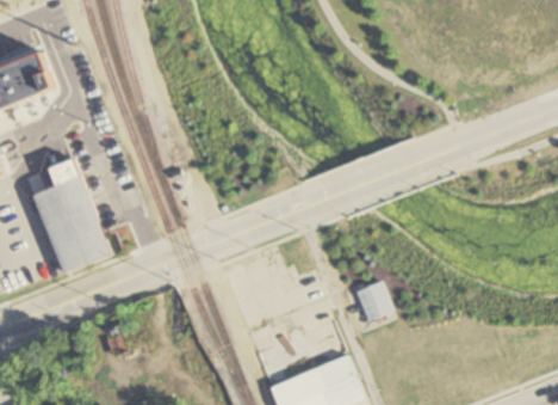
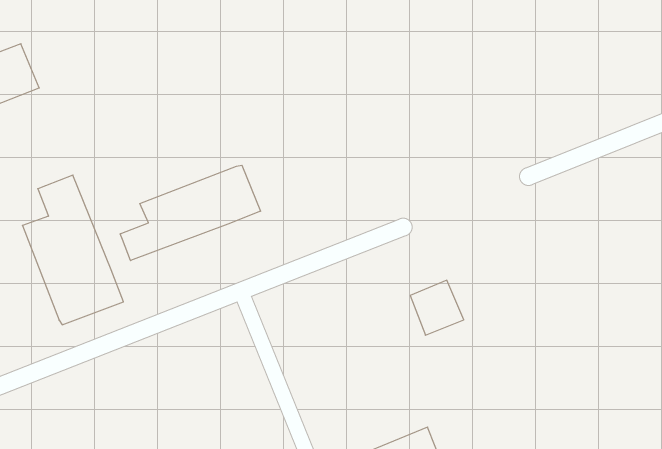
building: none -> [120,165,261,261]
building: [353,280,395,323] -> [410,280,464,335]

